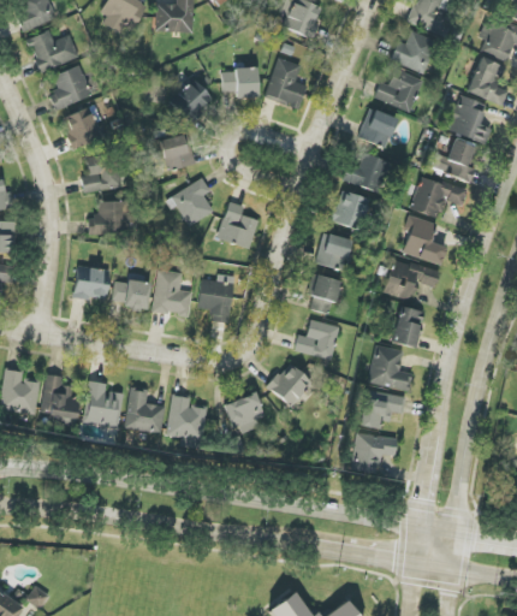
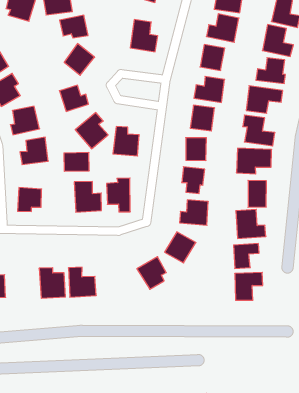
building: [221,69,257,97] -> [60,15,88,38]
building: [111,279,149,309] -> [64,153,89,171]
building: [42,375,77,419] -> none
building: [166,395,206,440] -> none

